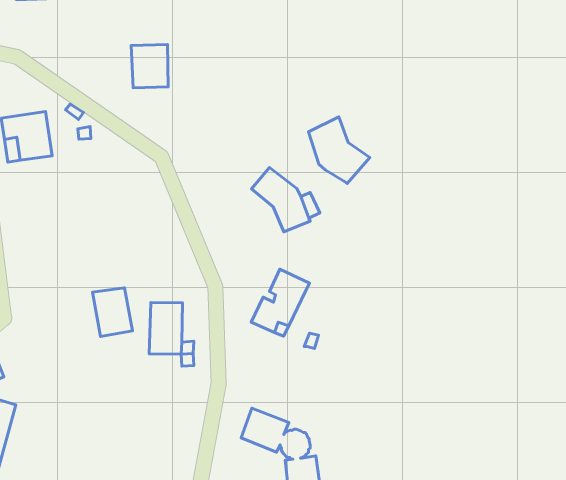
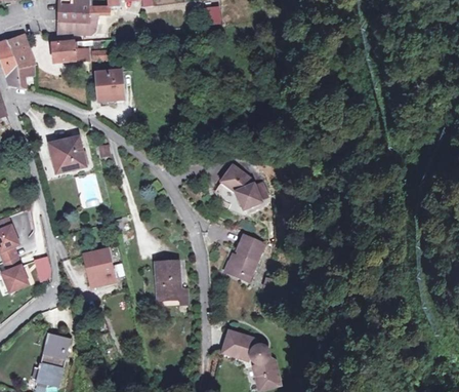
building: [131,45,168,88] -> [96,71,123,102]
building: [308,117,370,183] -> none
building: [92,288,133,336] -> [86,249,115,283]

